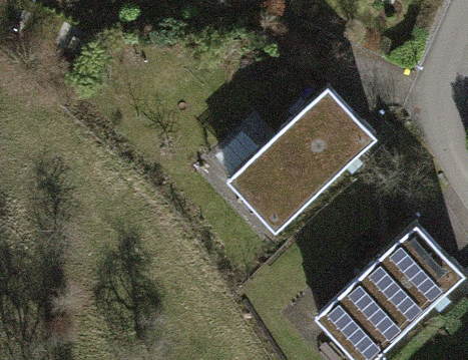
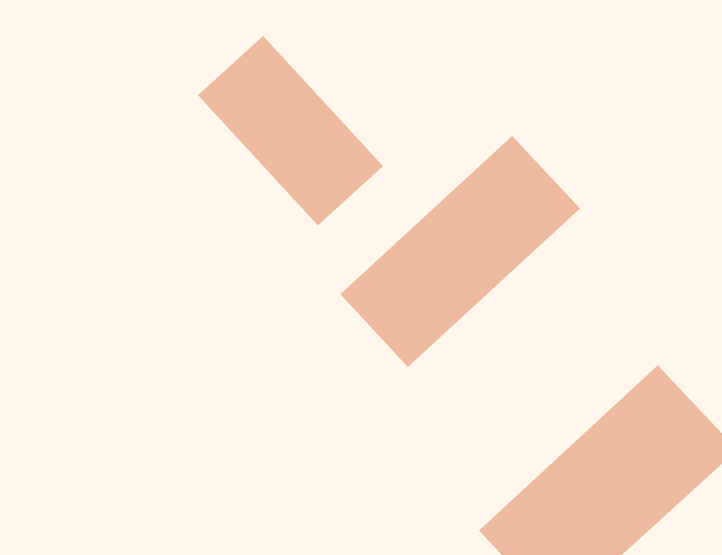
building: none -> [197,35,384,226]

